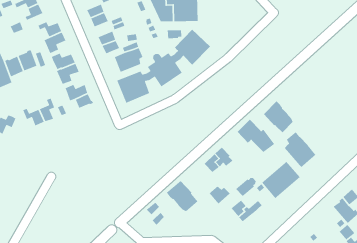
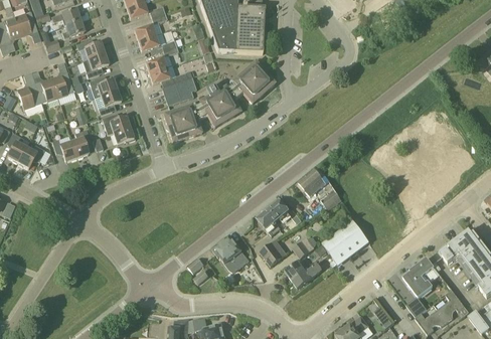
building: [263,101,293,133] -> none
building: [284,131,317,168] -> none

